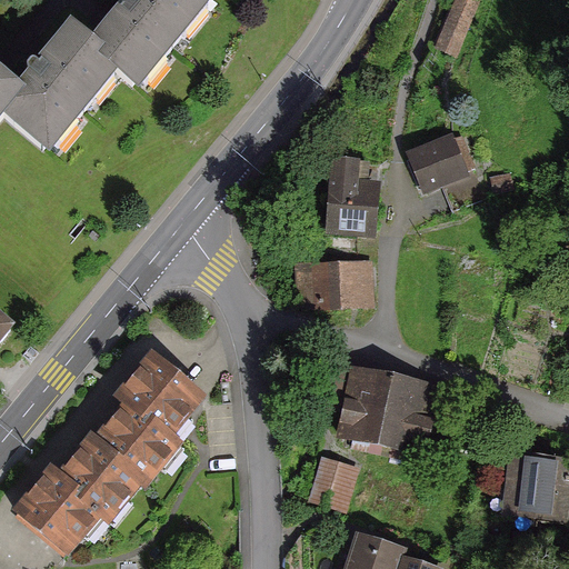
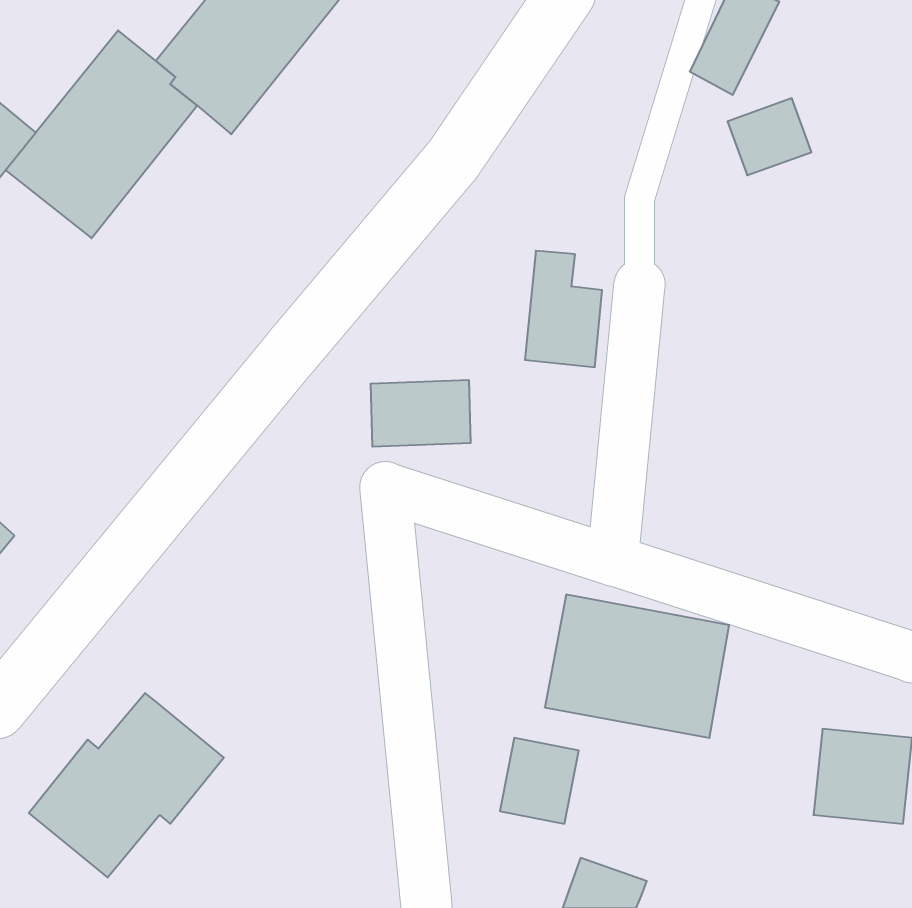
building: [409,134,461,182] -> [727,98,812,175]
building: [303,260,366,301] -> [370,380,471,447]
building: [96,352,198,476] -> none

